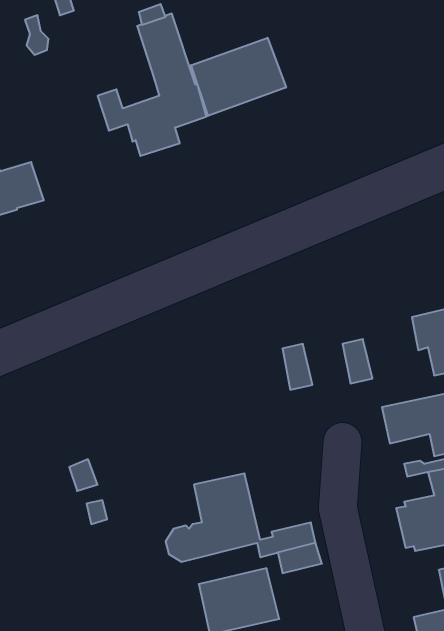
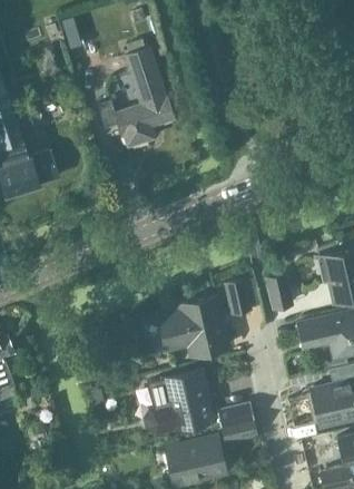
building: [191,38,286,116] -> none
building: none -> [158,297,226,355]

